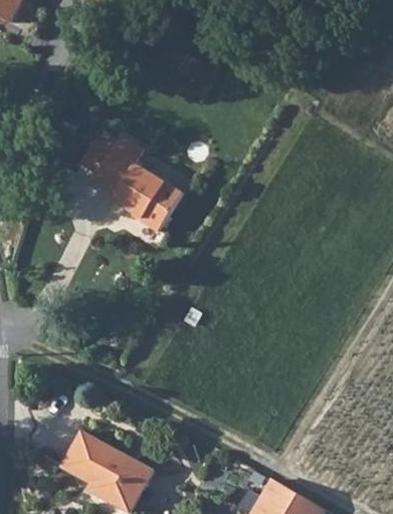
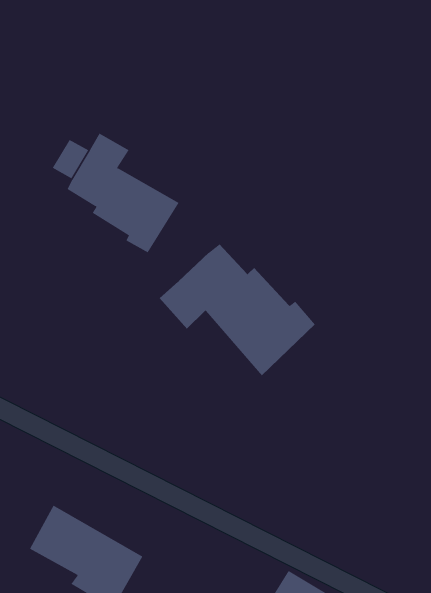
building: none -> [159,243,315,376]

